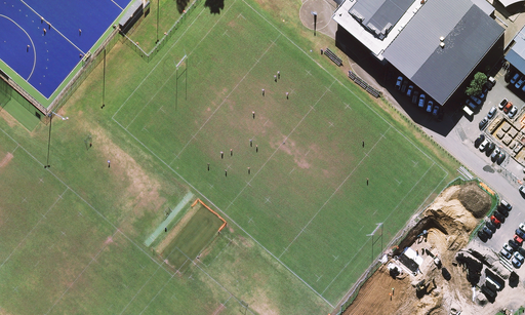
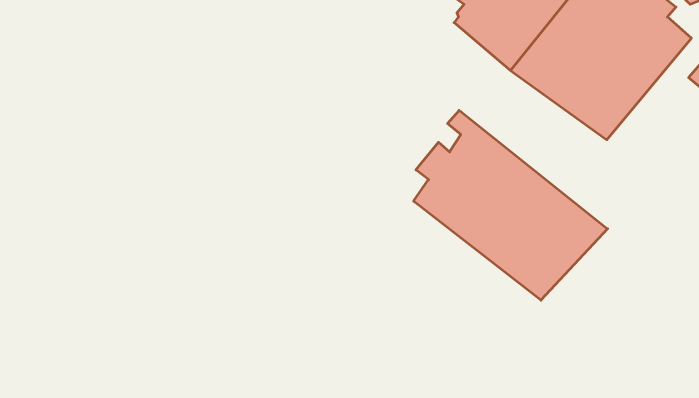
building: none -> [414,110,608,300]

